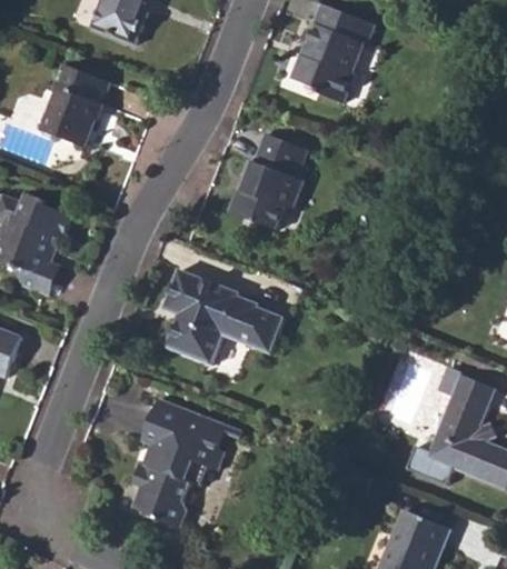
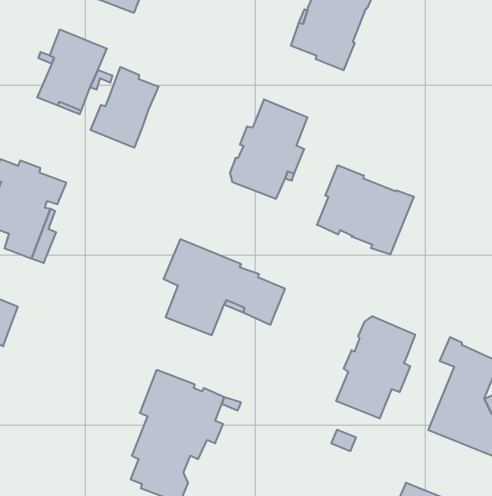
building: none -> [91,67,158,148]
building: none -> [317,165,414,255]
building: none -> [336,316,415,419]

